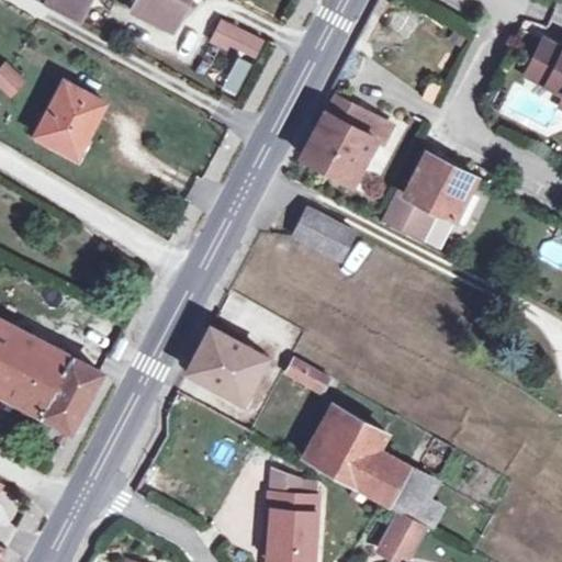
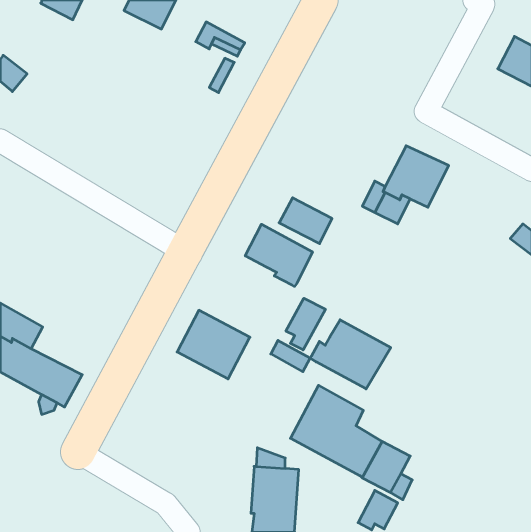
building: [35,82,103,157] -> none
building: [300,94,390,182] -> none
building: none -> [245,224,312,286]
building: none -> [286,298,325,350]
building: none -> [310,320,391,389]
building: [34,345,100,395] -> none

